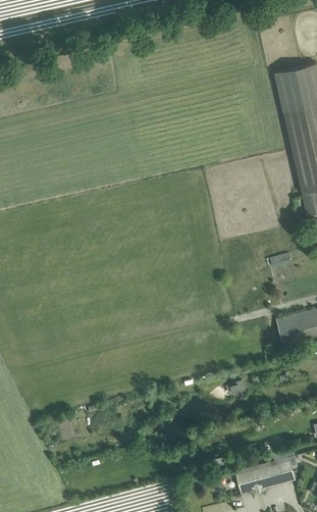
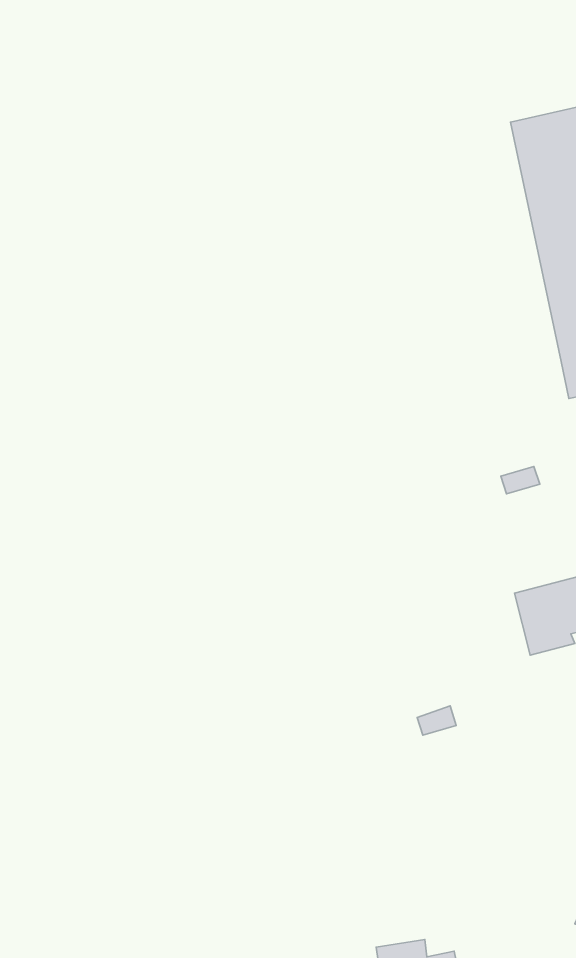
building: [235,458,295,494] -> none

